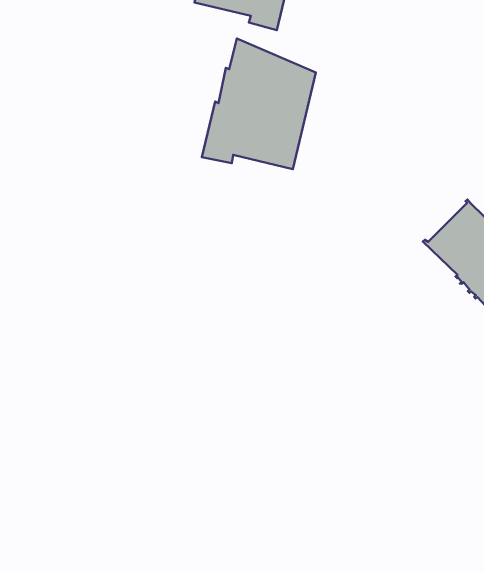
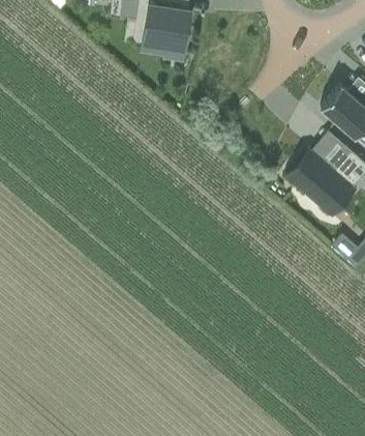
building: [202,38,316,169] -> none

